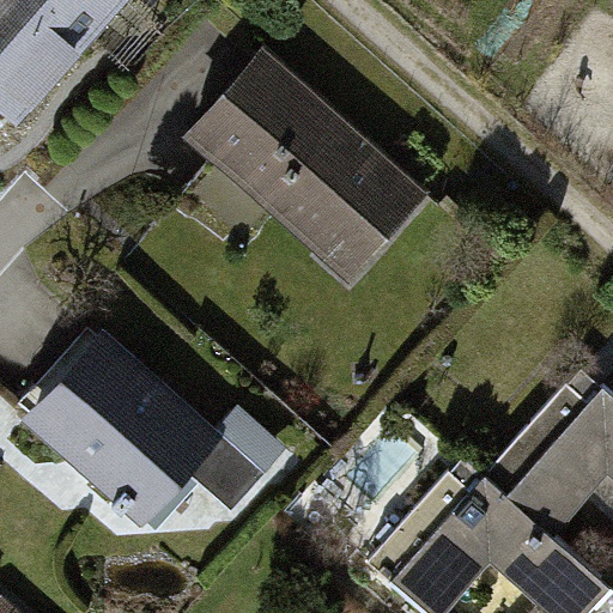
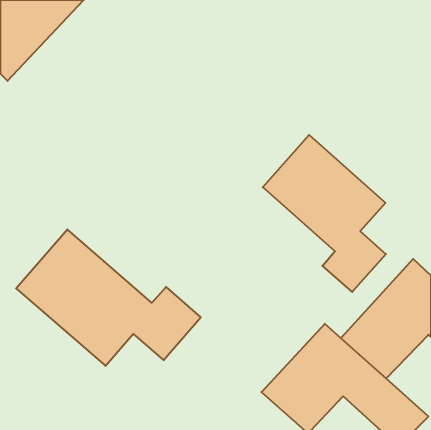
building: [186,51,426,284] -> none
building: none -> [263,135,386,292]

